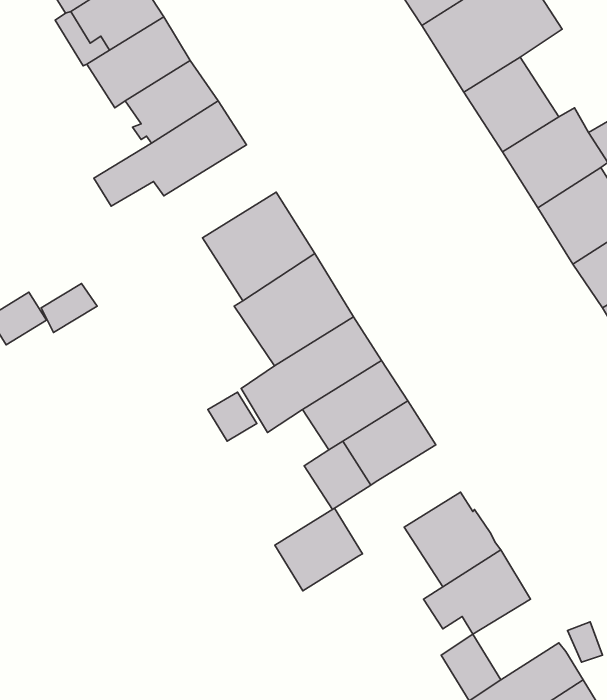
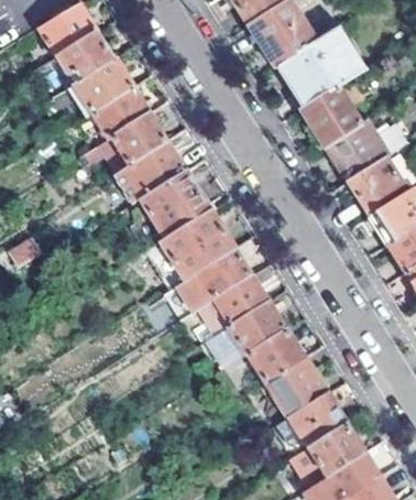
building: none -> [112,141,186,205]
building: [275,508,362,591] -> [249,329,304,381]
building: none -> [309,426,363,477]

